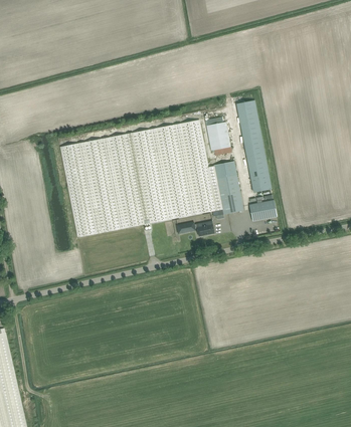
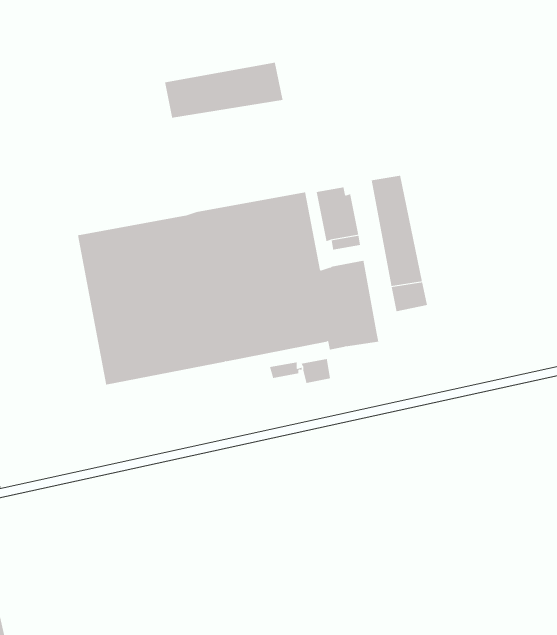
building: none -> [165,62,283,119]
building: [248,200,276,220] -> none

